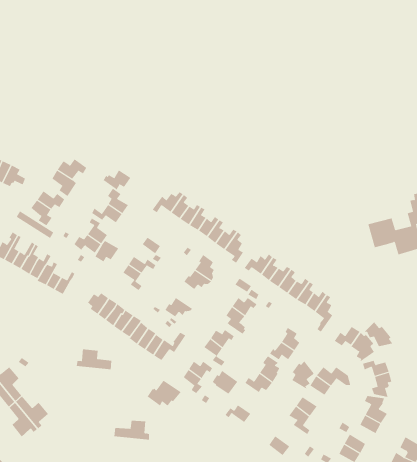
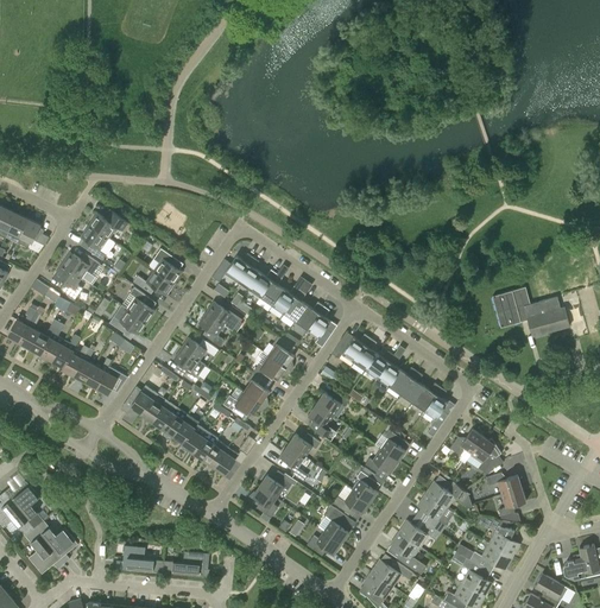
building: [103,170,131,190] -> none
building: none -> [204,303,242,331]
building: [95,240,119,262] -> [95,367,127,395]
building: none -> [241,372,267,407]
building: [364,322,393,347] -> none
building: [76,349,112,370] -> [114,546,162,574]
building: [292,360,315,389] -> none
building: [212,370,238,395] -> [317,512,352,544]
building: [147,380,181,407] -> none
building: none -> [371,555,411,587]

